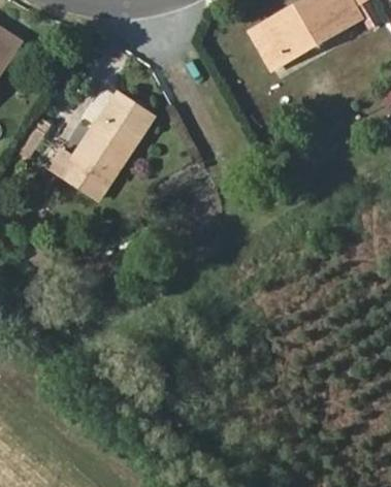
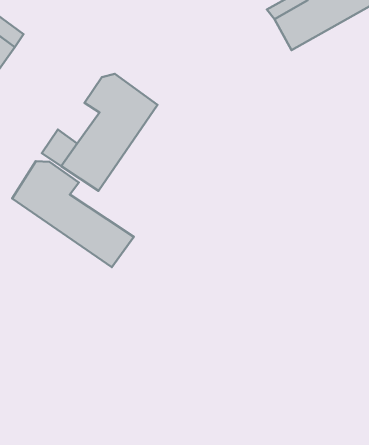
building: none -> [12,161,134,267]

